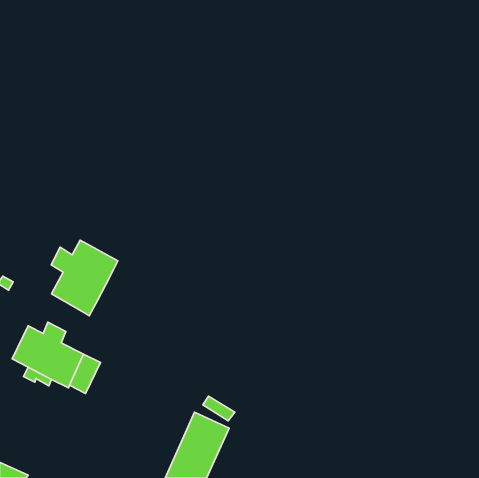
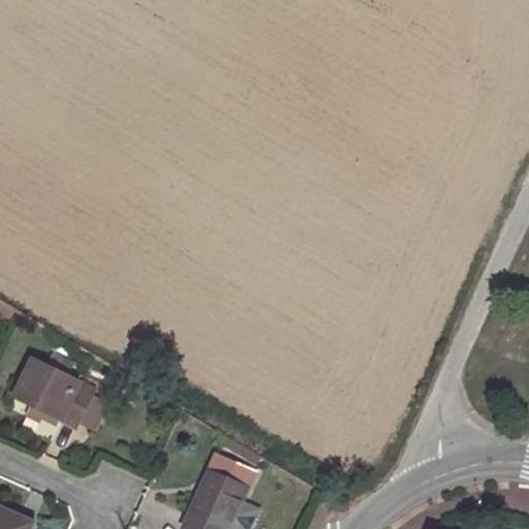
building: [51,240,118,316] -> none

